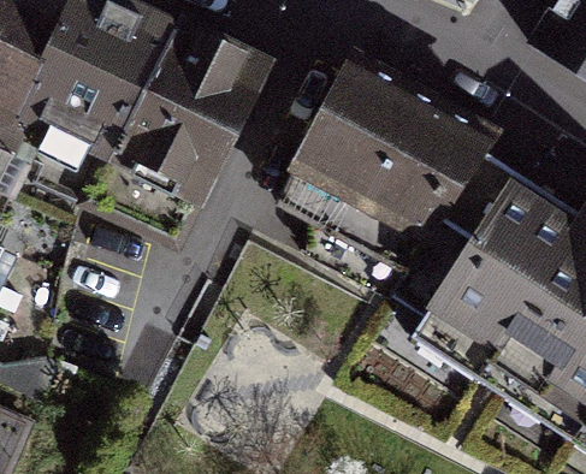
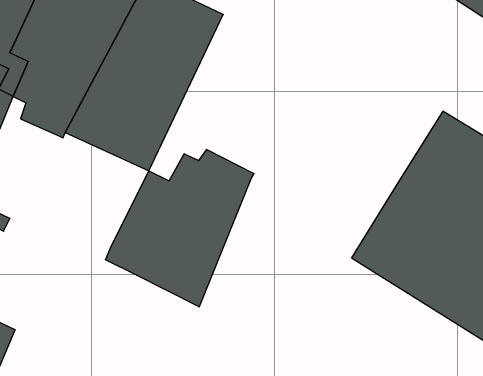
building: [296,71,514,242] -> none
building: none -> [106,149,254,307]

